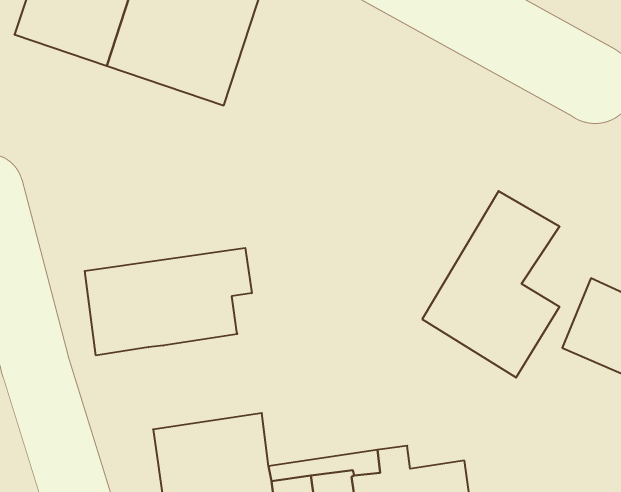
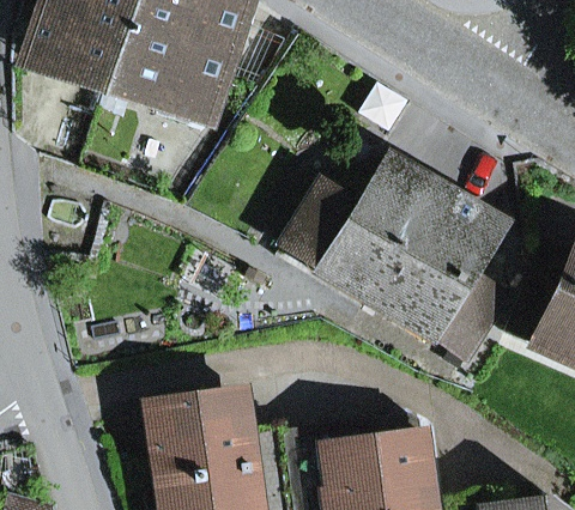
building: none -> [277,162,458,311]
building: [85,248,252,355] -> none

